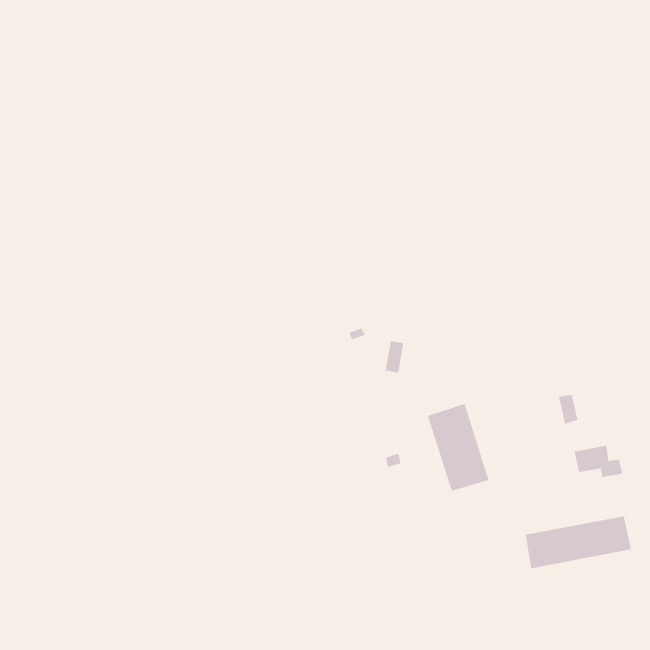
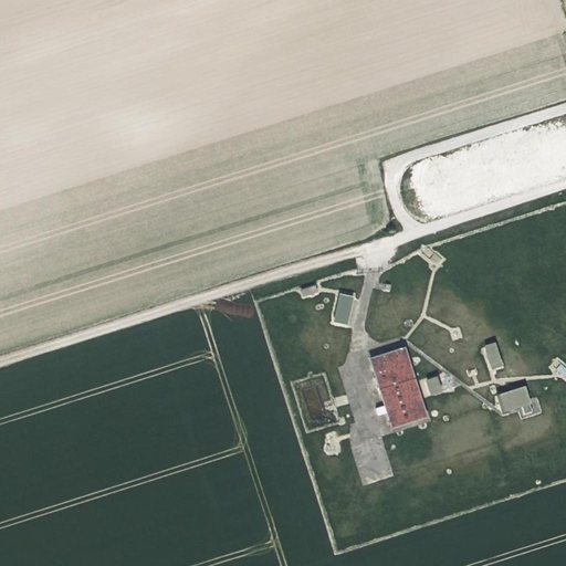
building: [525,515,632,569] -> none

